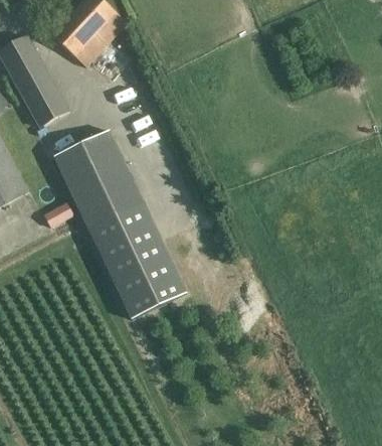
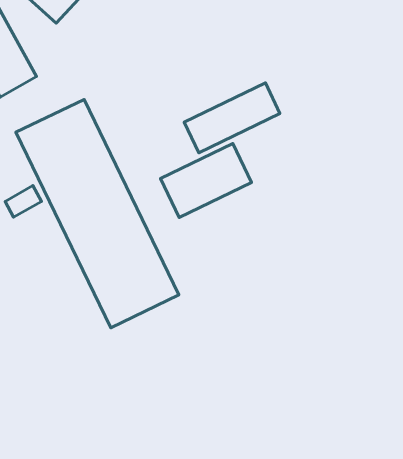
building: none -> [184,83,280,153]
building: none -> [161,144,251,217]

